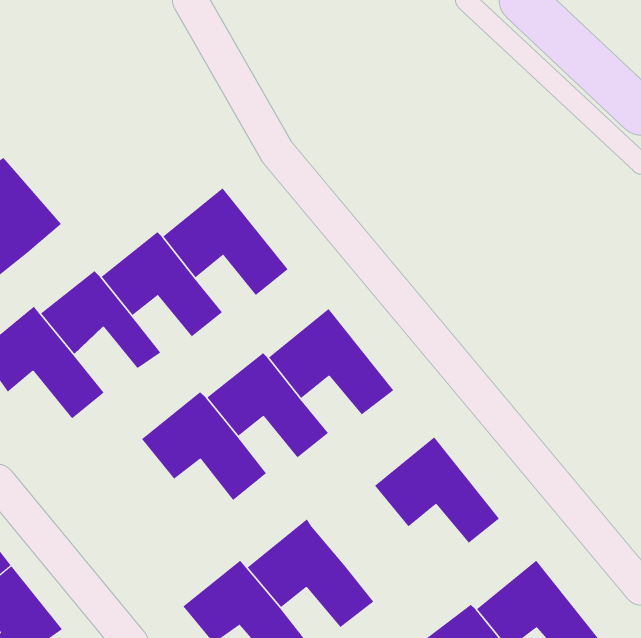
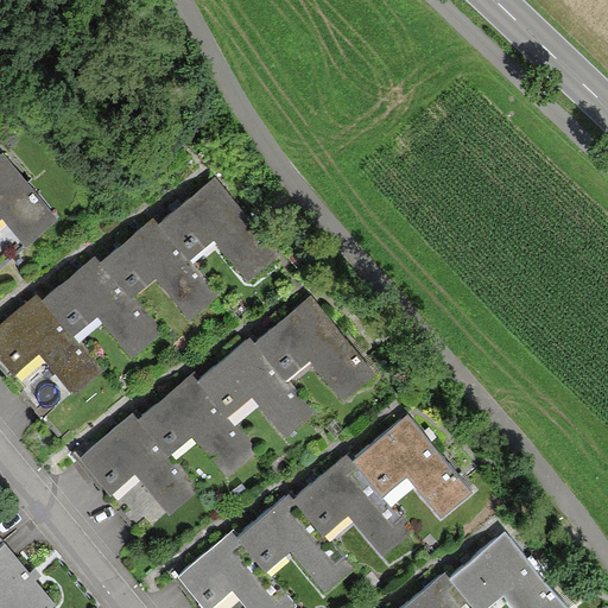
building: none -> [71,412,194,519]
building: none -> [294,457,411,558]

